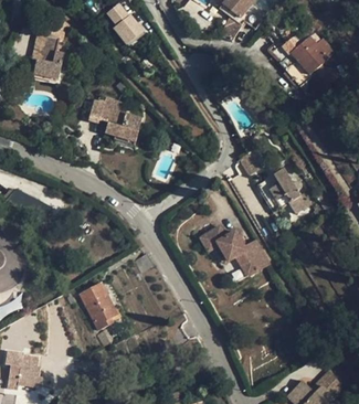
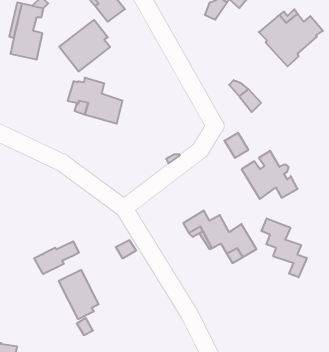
building: none -> [59,20,110,72]
building: none -> [262,218,307,277]
building: none -> [34,241,79,274]

